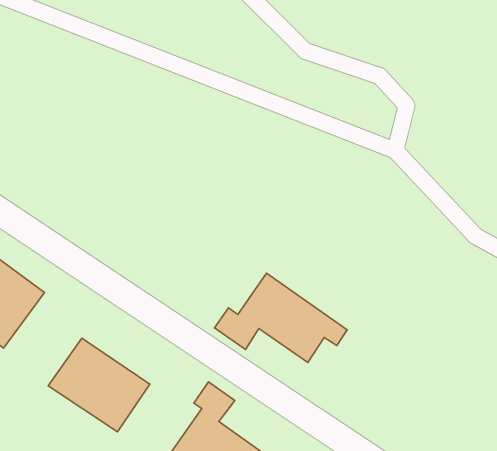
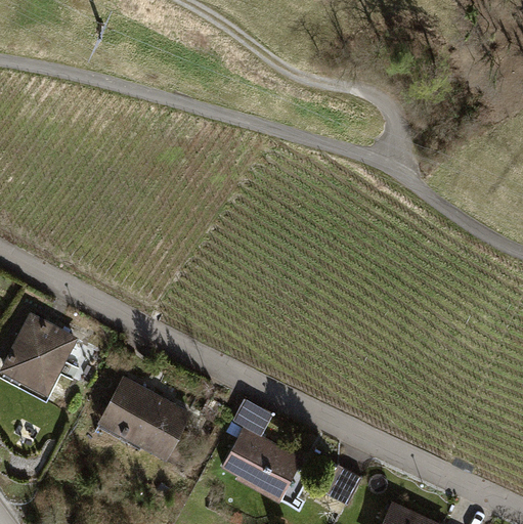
building: [214,273,347,362] -> none

